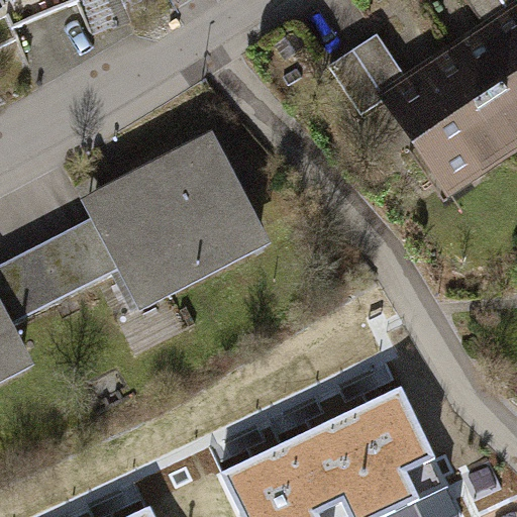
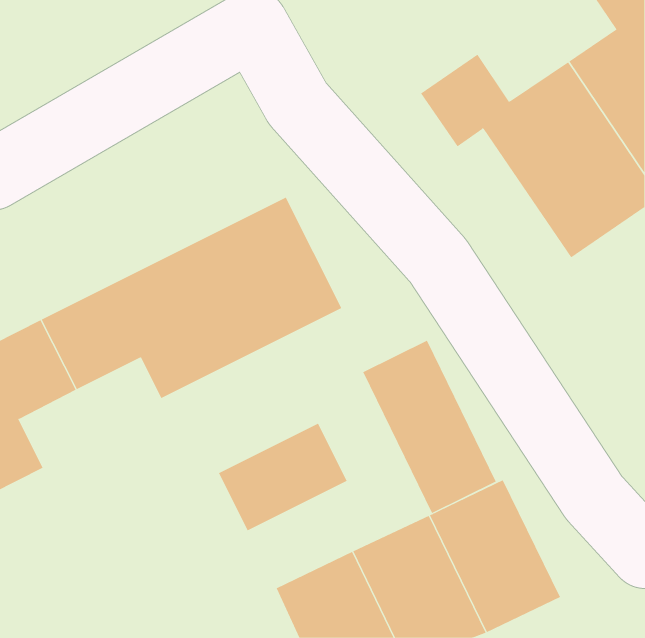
building: none -> [363,340,497,514]
building: none -> [218,423,348,531]

